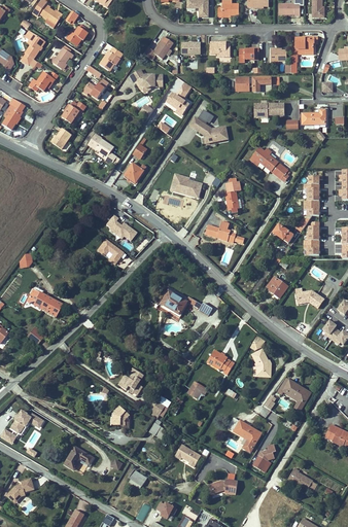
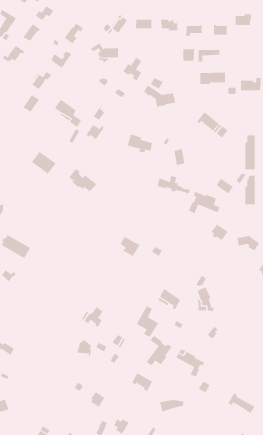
building: [95,238,124,265] -> [31,151,56,174]
building: none -> [188,191,220,214]
building: [276,377,311,411] -> none
building: none -> [146,335,172,366]
building: [63,445,94,469] -> none

